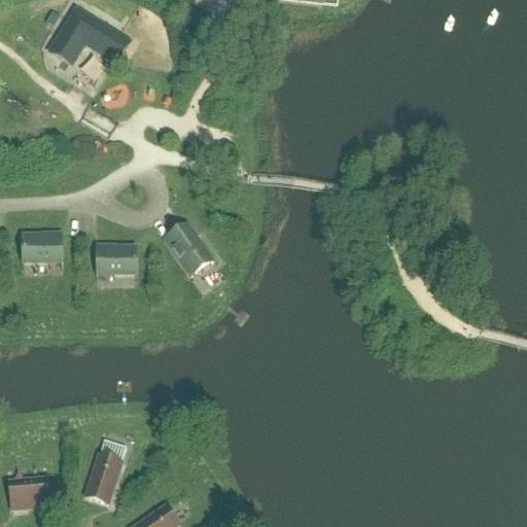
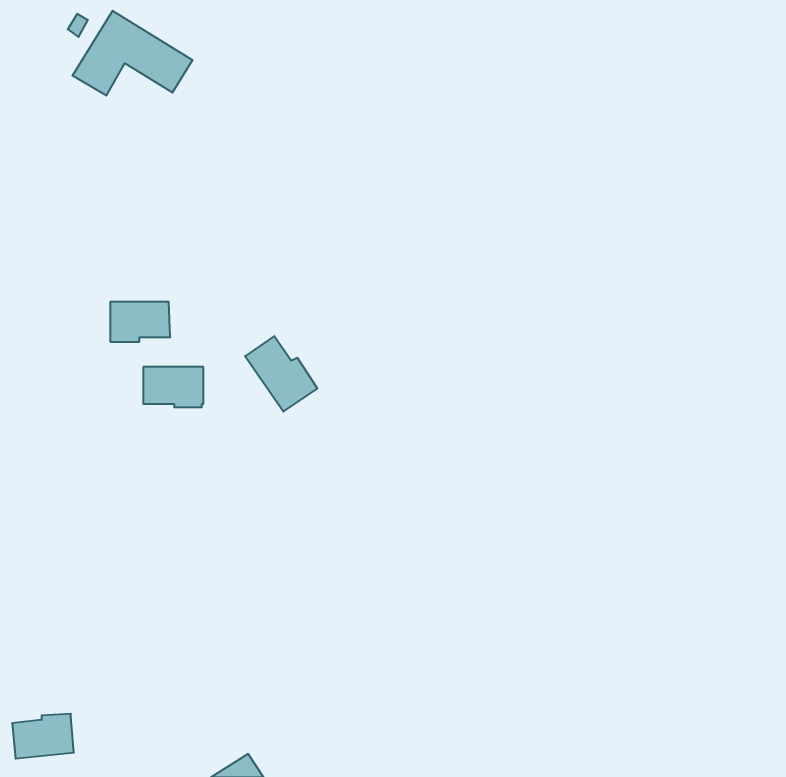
building: [22,234,62,260] -> [110,302,170,342]
building: [84,453,120,503] -> none

